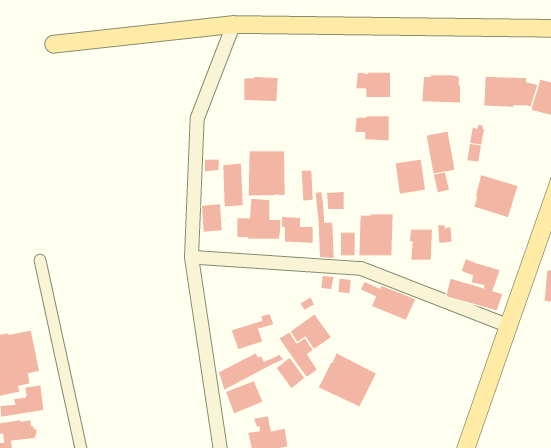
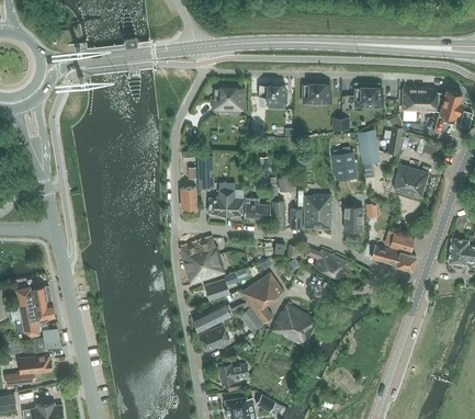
building: [355,116,390,141] -> [258,84,285,104]
building: [248,151,285,196] -> none
building: none -> [180,238,225,284]

